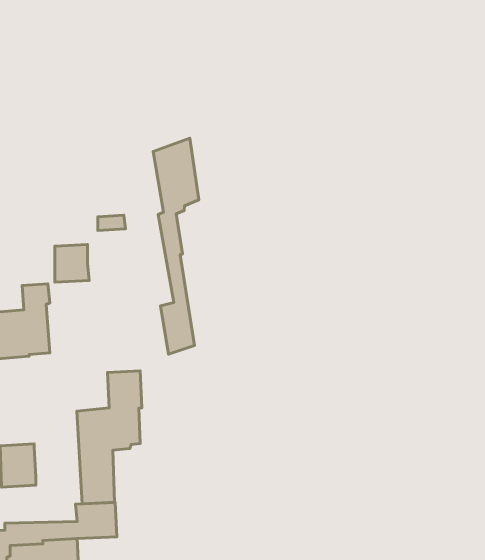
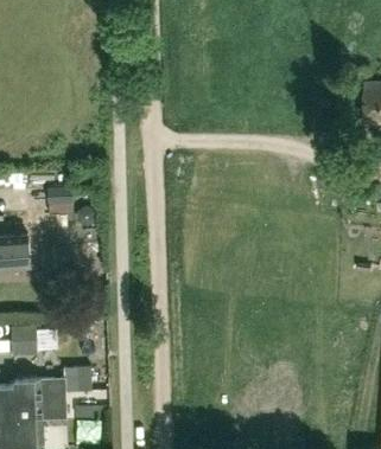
building: [153,138,199,354] -> none
building: [77,371,142,504] -> none

